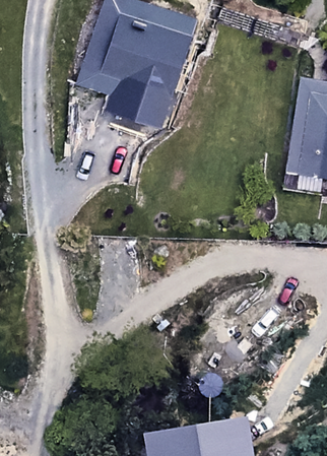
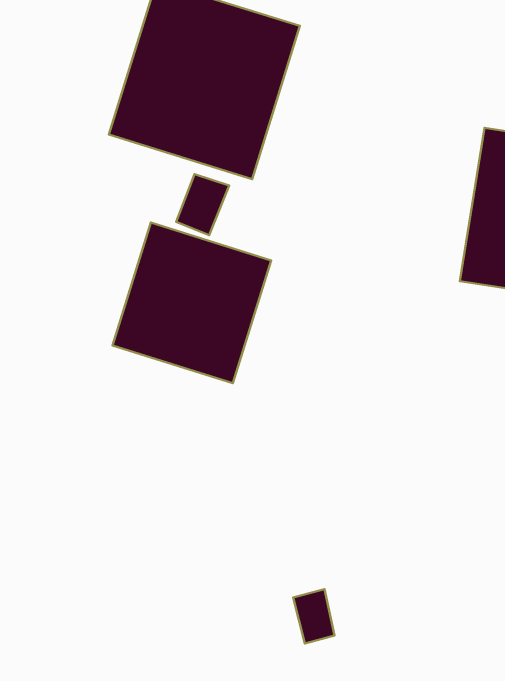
building: none -> [112,223,271,383]

